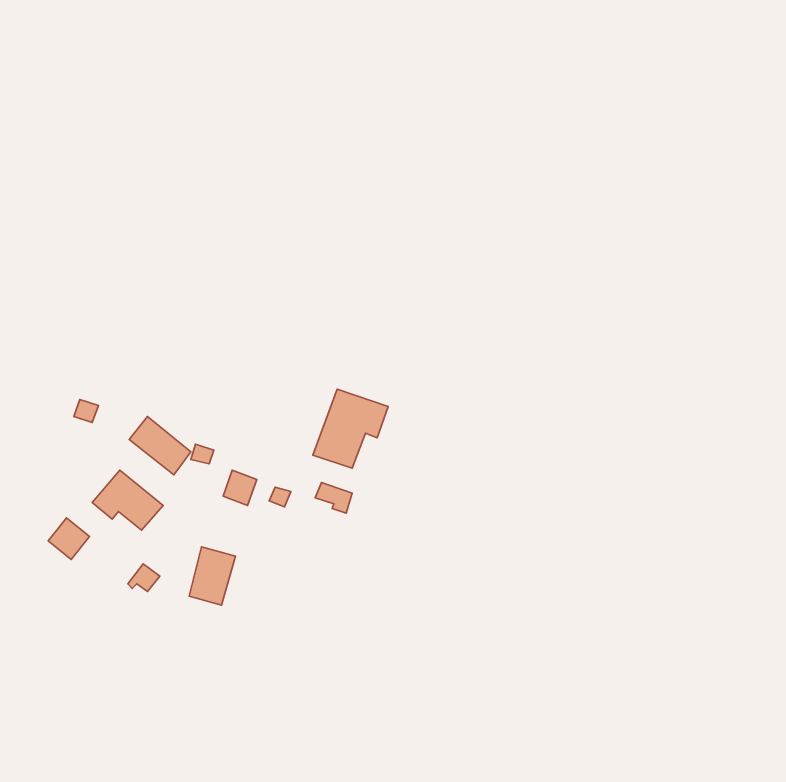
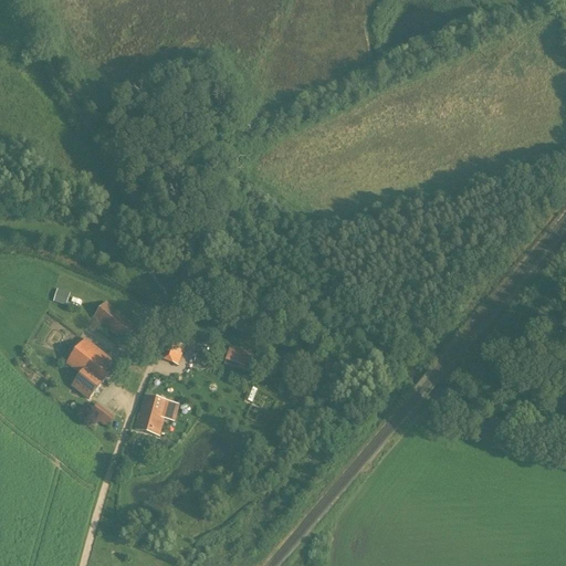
building: [313,389,388,468] -> none
building: [48,518,90,559] -> [72,368,102,398]

